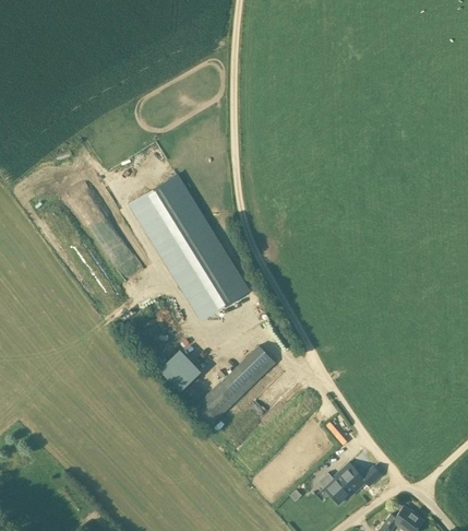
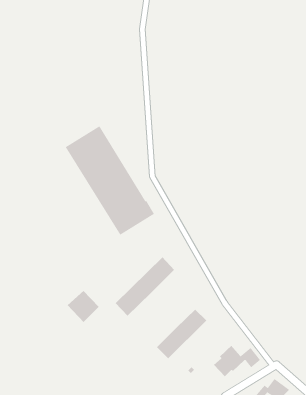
building: [159,349,202,391] -> [67,290,99,323]
building: none -> [156,309,207,359]

